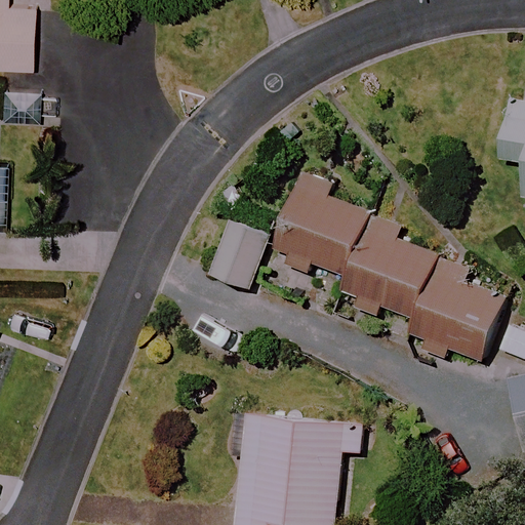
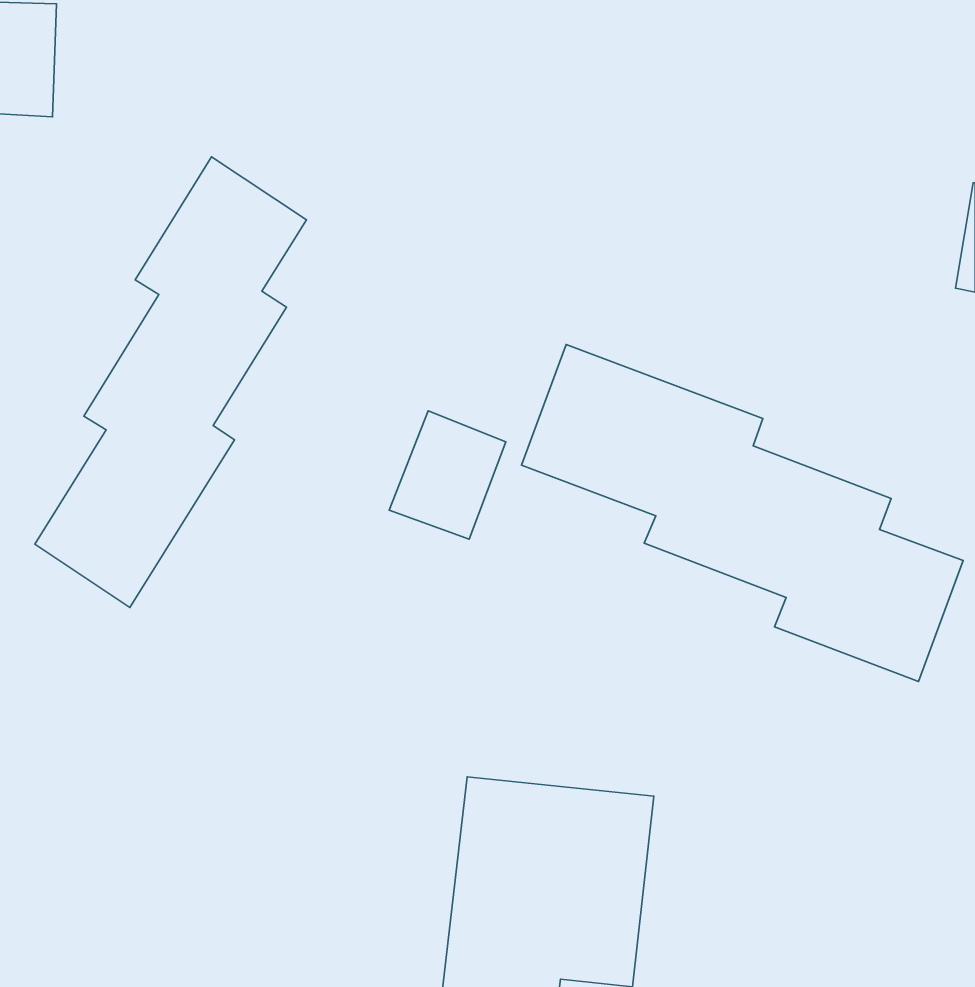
building: none -> [35,157,307,607]

